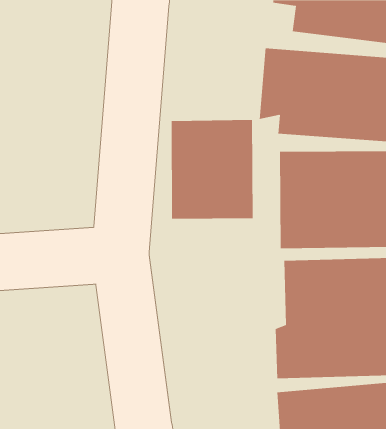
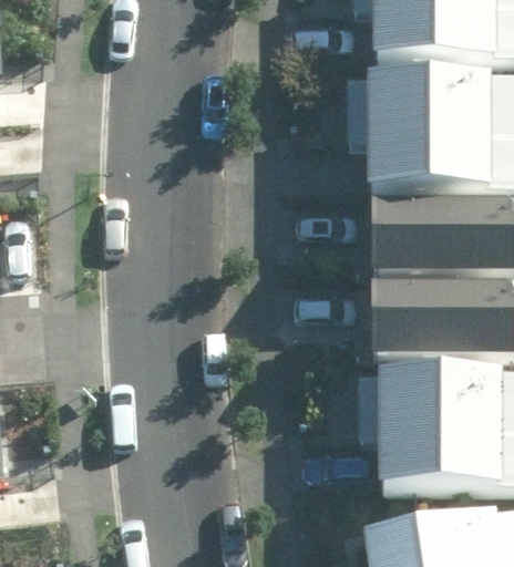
building: [171,119,253,219] -> none

